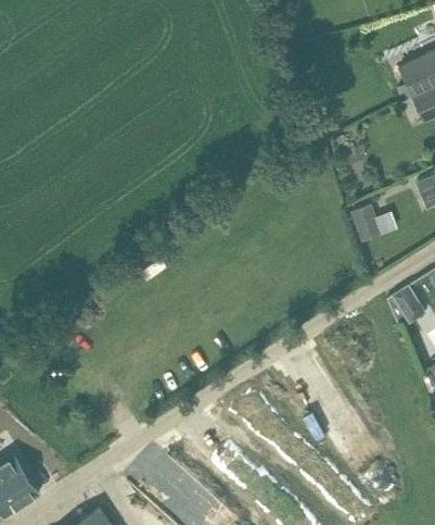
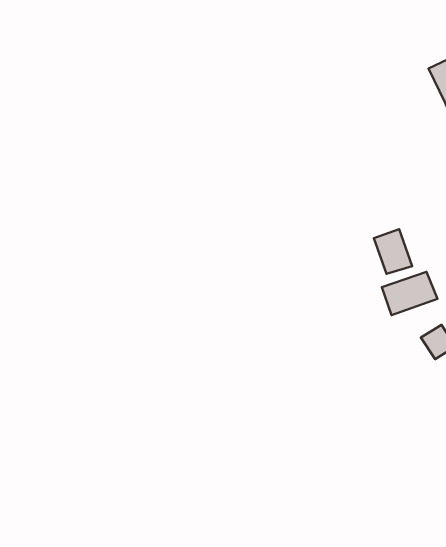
building: none -> [382,272,438,315]

